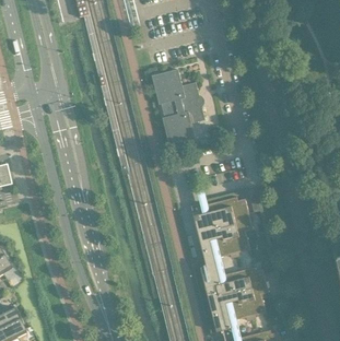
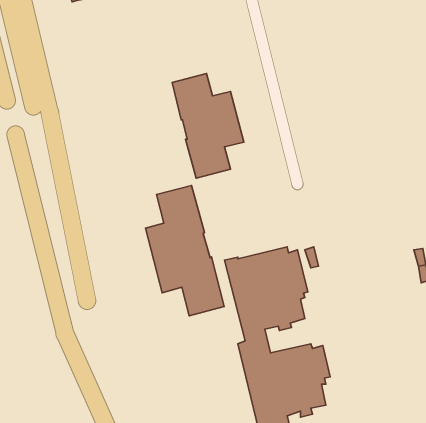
building: none -> [146,185,224,316]

